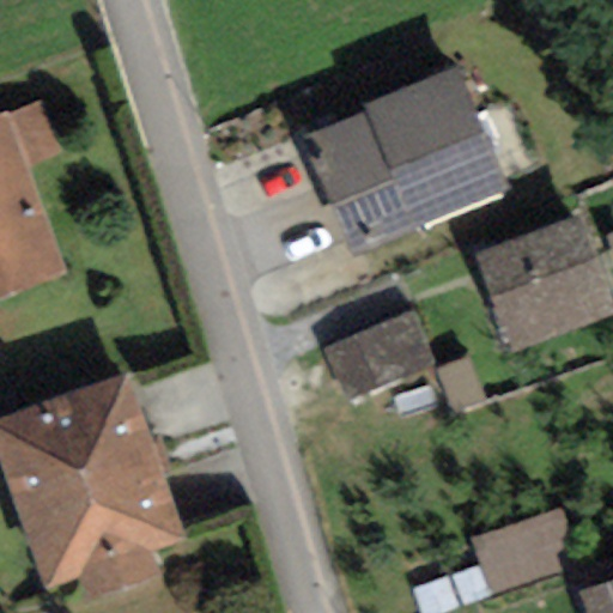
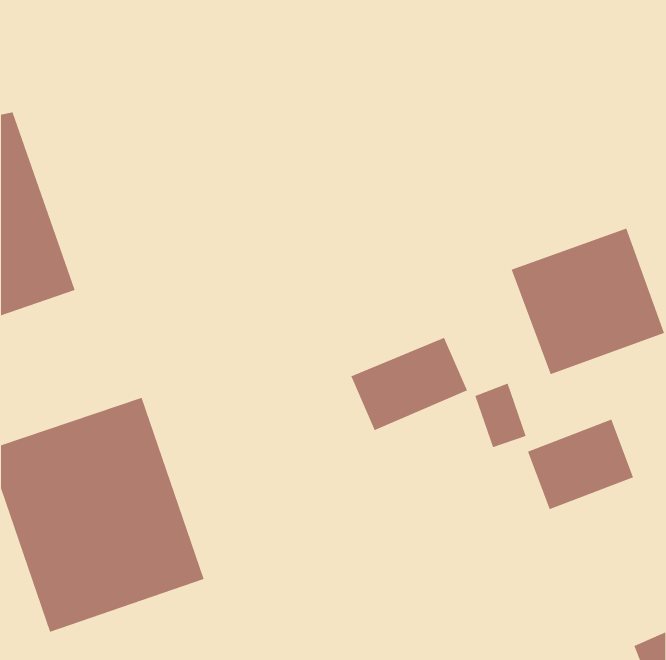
building: [299,63,505,251] -> none
building: [477,512,575,596] -> [527,419,634,510]

